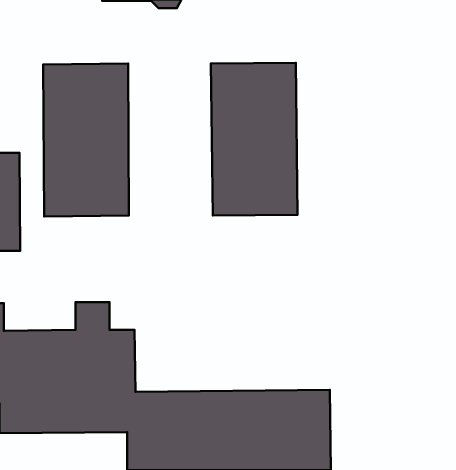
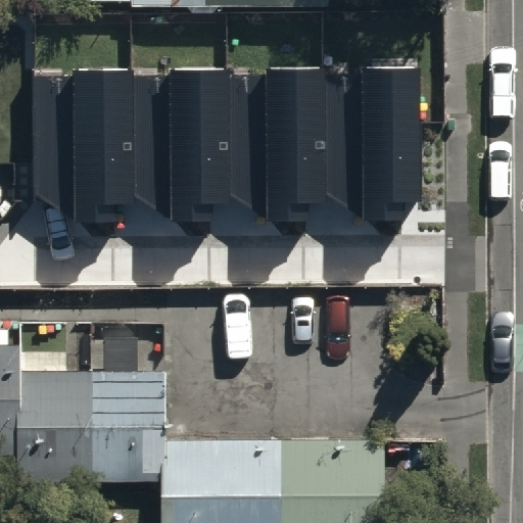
building: none -> [328,68,423,238]
building: none -> [142,70,236,239]

